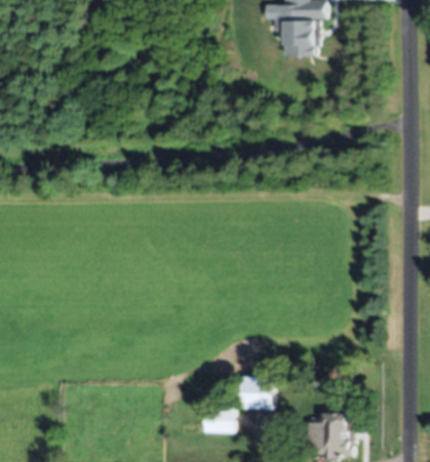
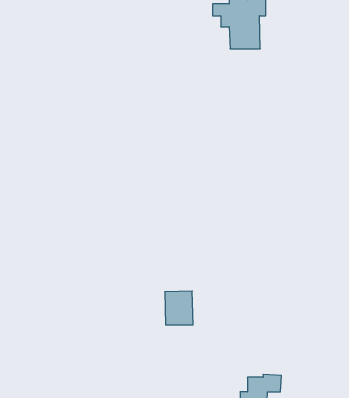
building: [245,373,277,411] -> [165,291,193,325]
building: [204,408,235,432] -> none

